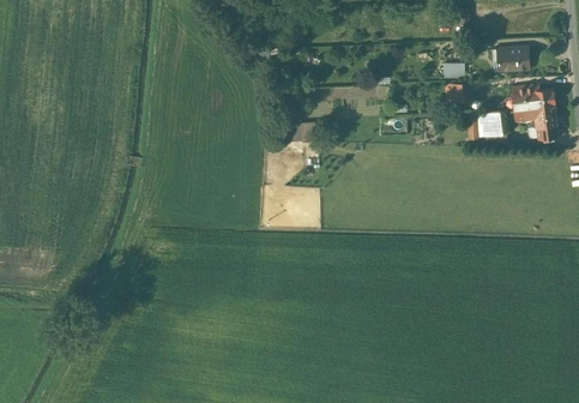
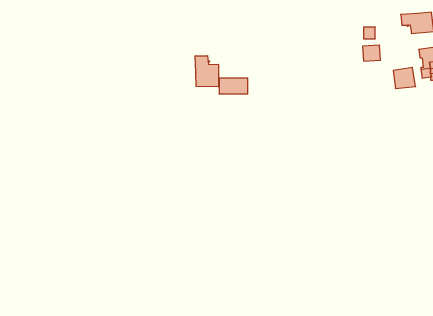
building: none -> [195,56,218,87]

